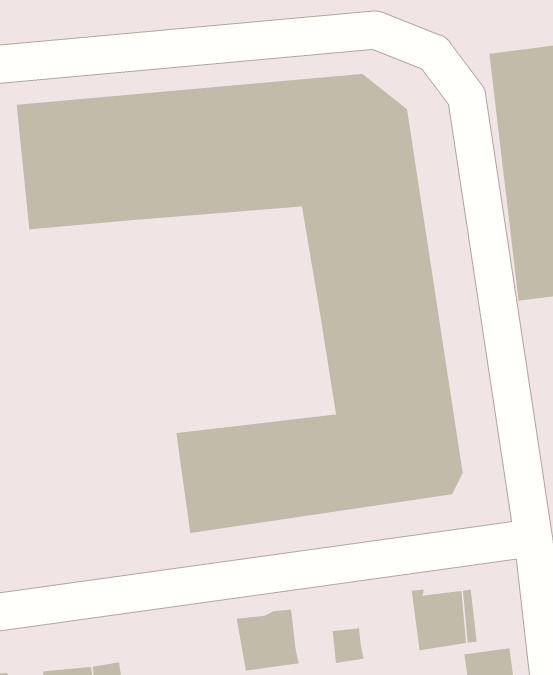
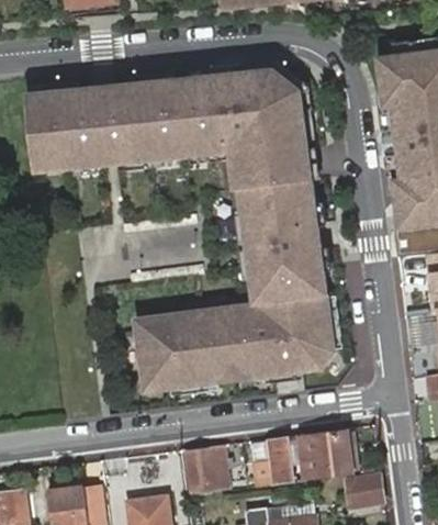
building: none -> [269,440,310,482]

